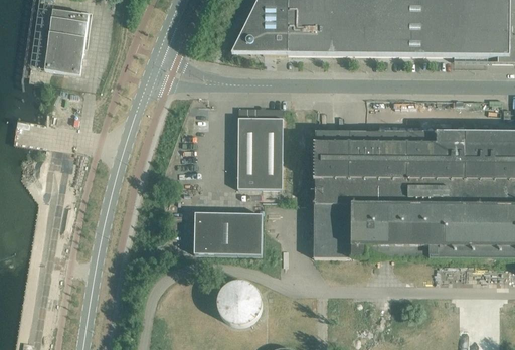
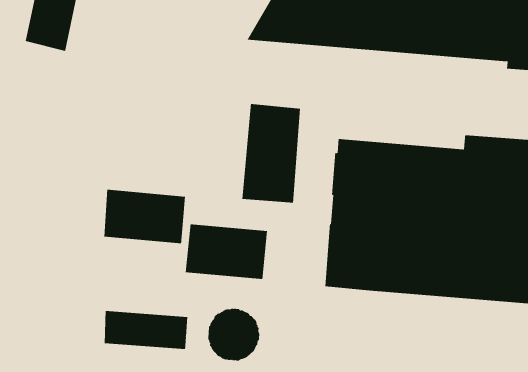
building: none -> [104,189,186,244]
building: none -> [104,310,188,350]

